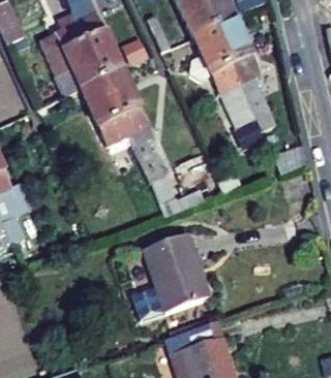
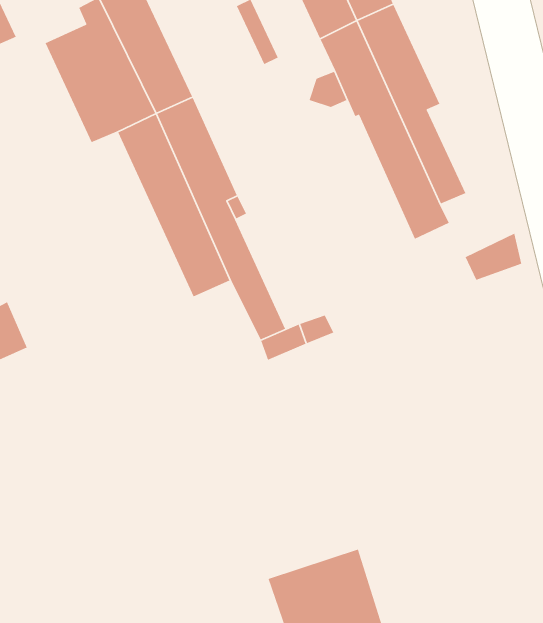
building: [139,232,203,318] -> none

